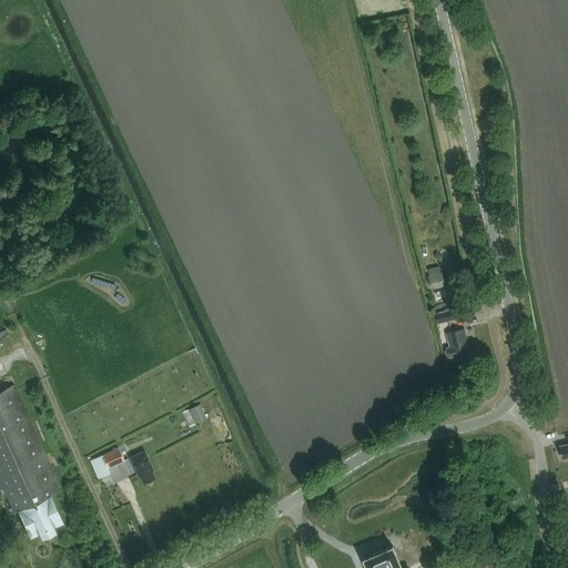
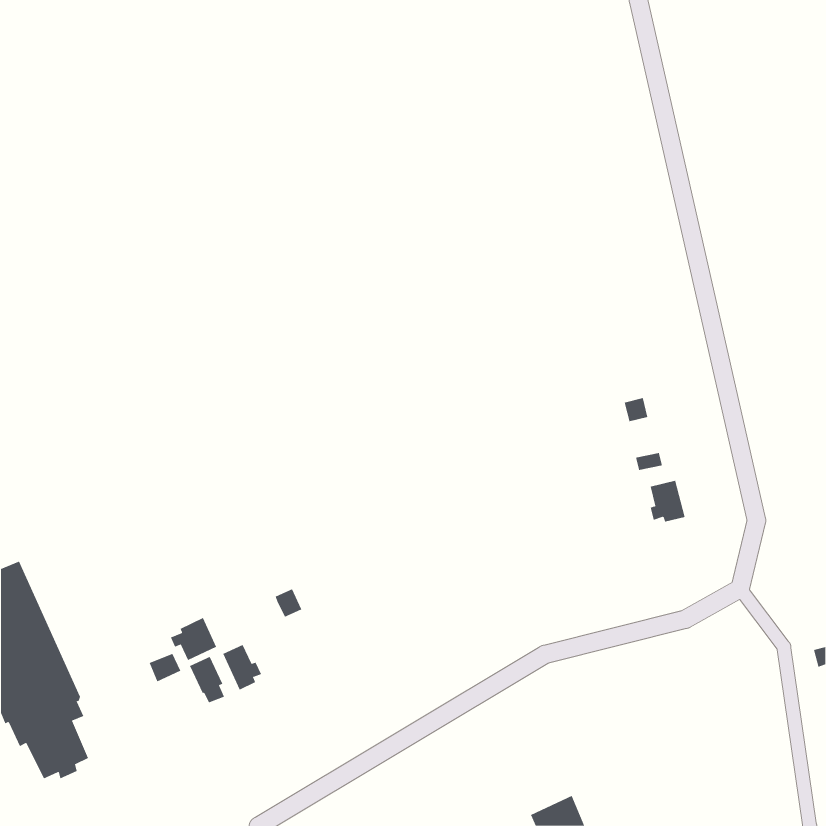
building: none -> [170,617,217,661]
building: none -> [222,644,262,691]

